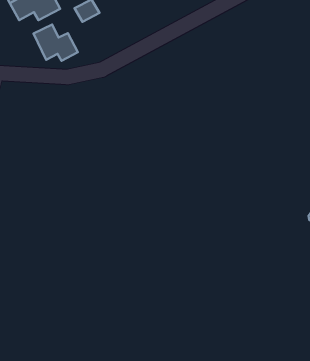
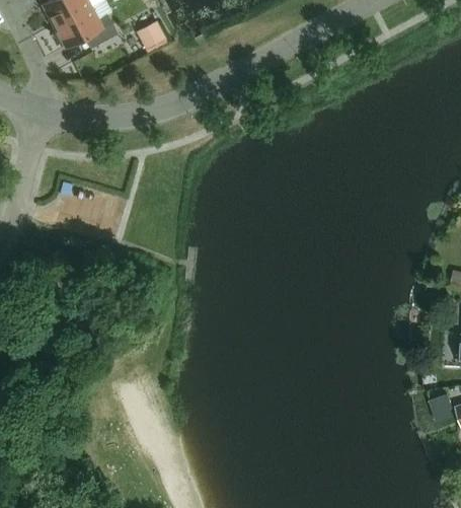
building: [33,24,78,61] -> none

